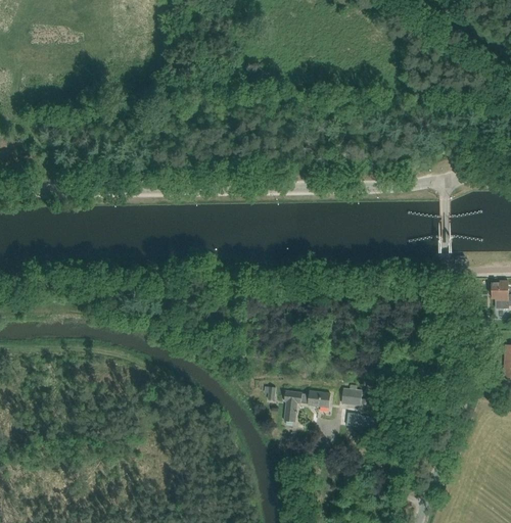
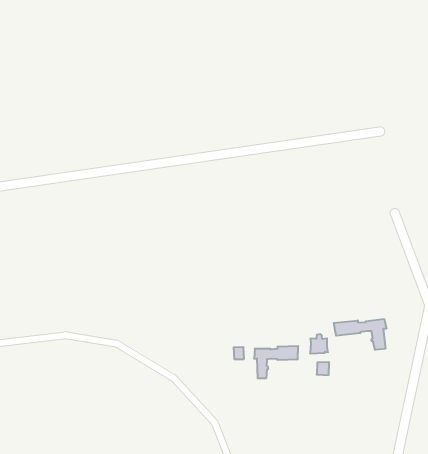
building: none -> [334,319,386,350]

